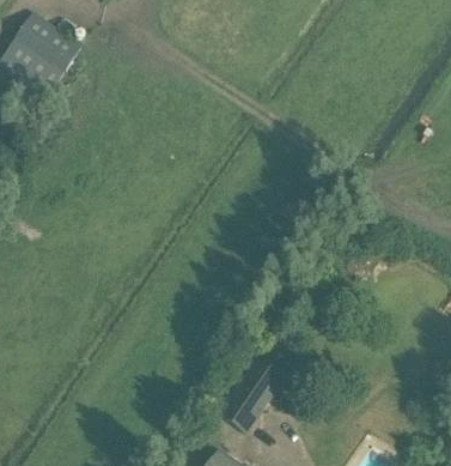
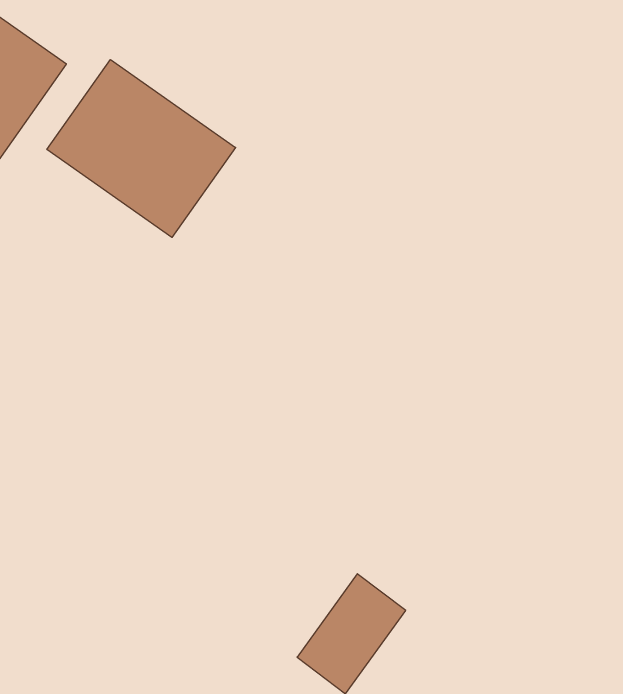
building: none -> [47,60,236,237]

